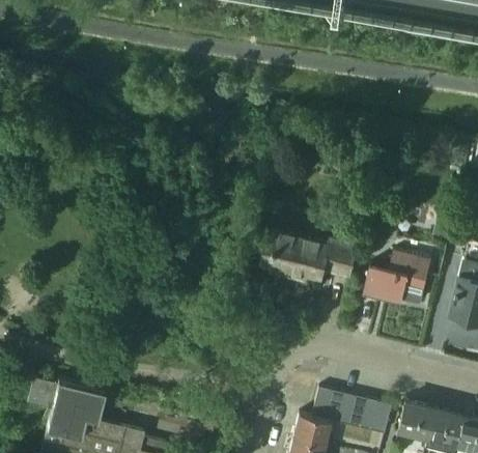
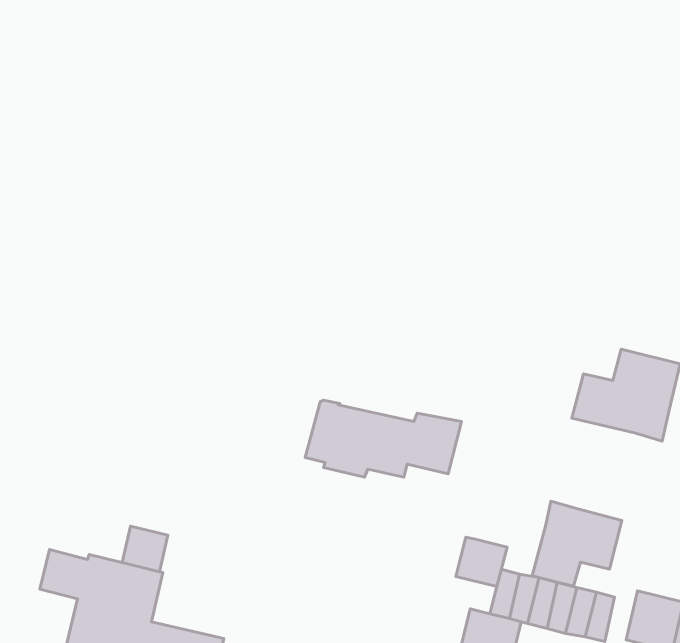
building: [260,229,359,278] -> [305,400,461,477]
building: none -> [532,501,622,586]
building: none -> [122,526,168,572]
building: none -> [456,537,507,586]

